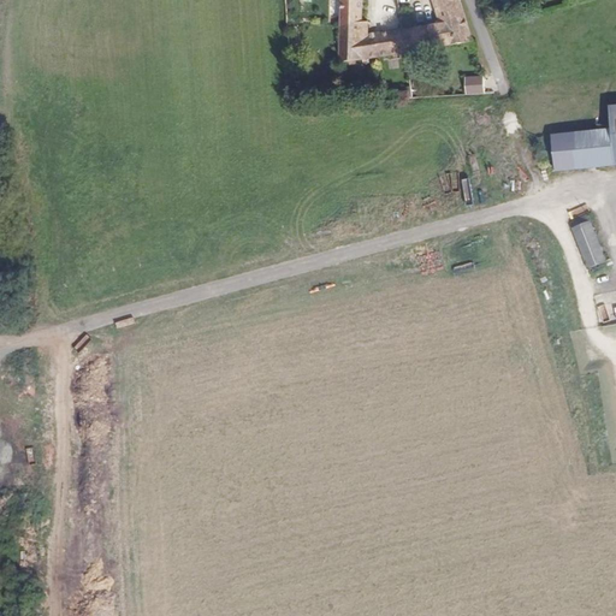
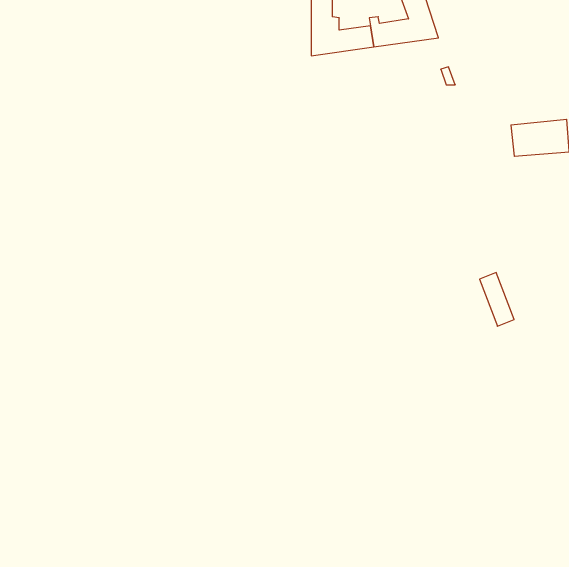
building: [567,212,604,270] -> [480,273,514,326]

